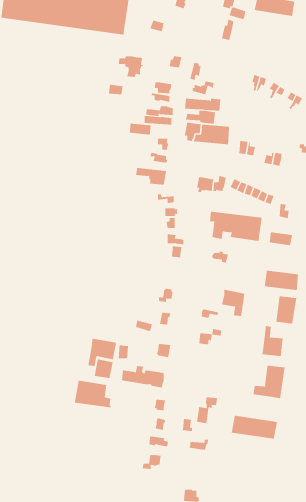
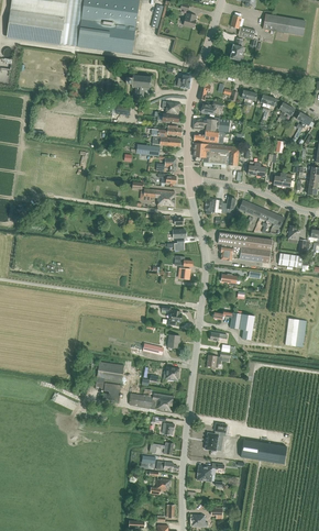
building: [264,270,299,291] -> none
building: [262,325,283,357] -> none
building: [253,365,285,399] -> none
building: [74,380,111,408] -> none

